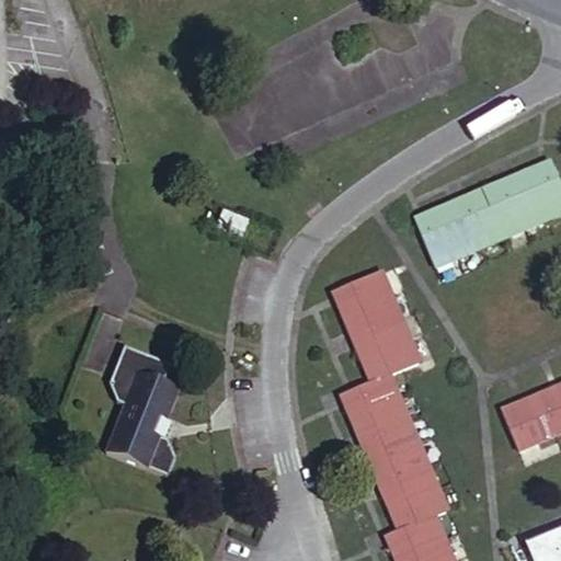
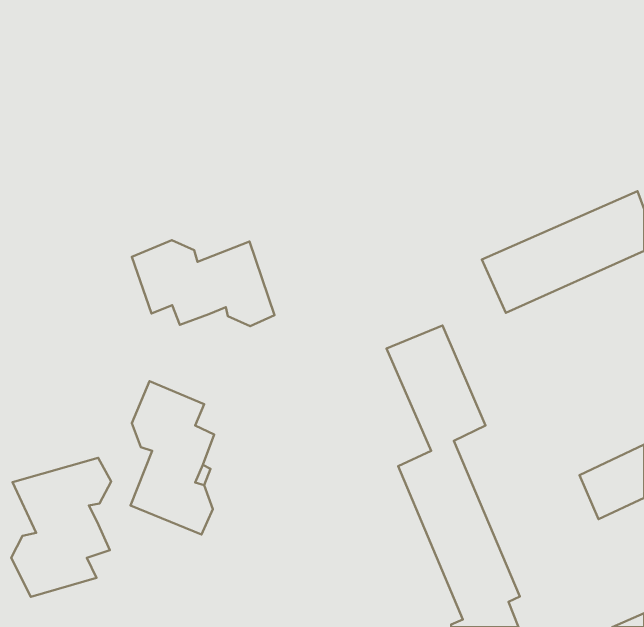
building: none -> [132,240,274,326]
building: none -> [11,458,111,597]

